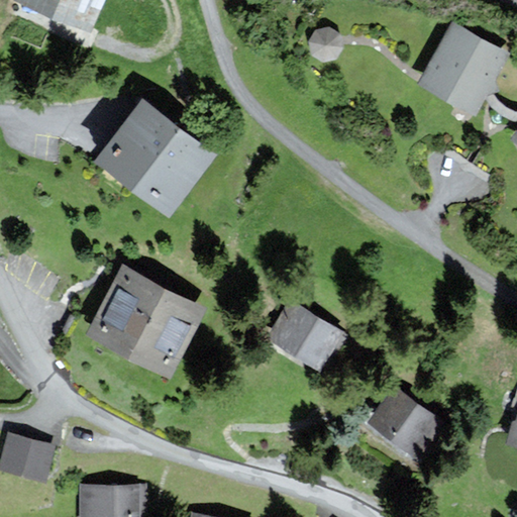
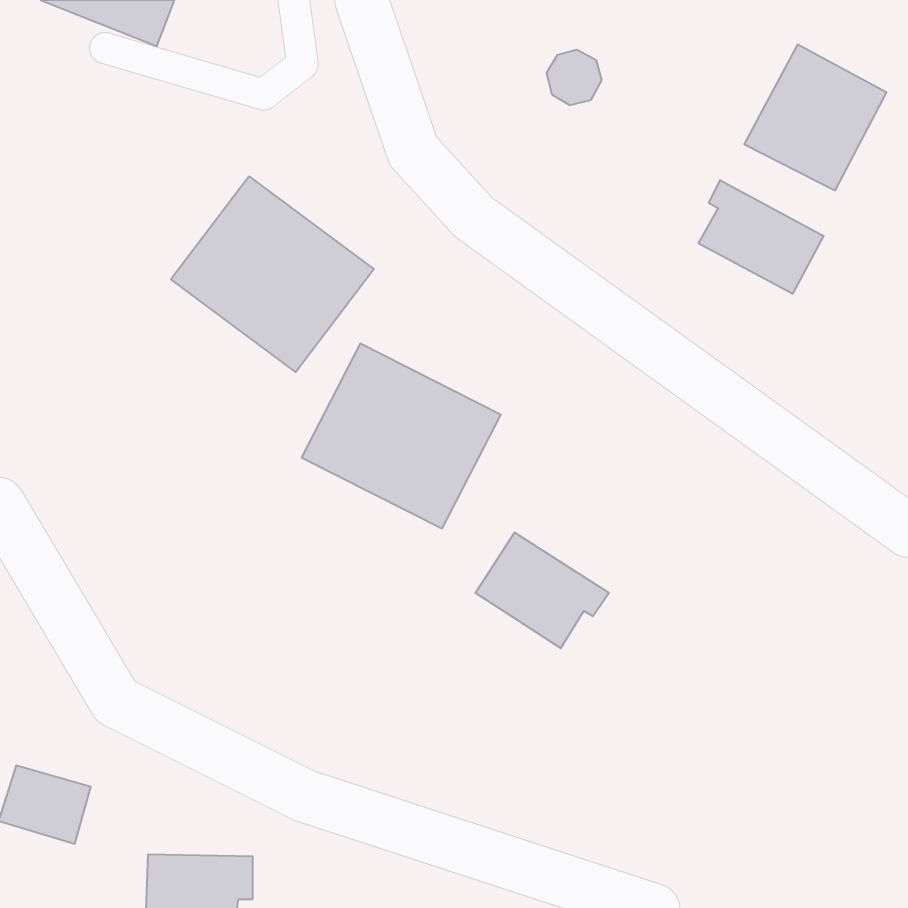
building: none -> [699,180,824,294]
building: [89,269,202,374] -> [302,343,501,529]
building: [371,390,440,456] -> none

